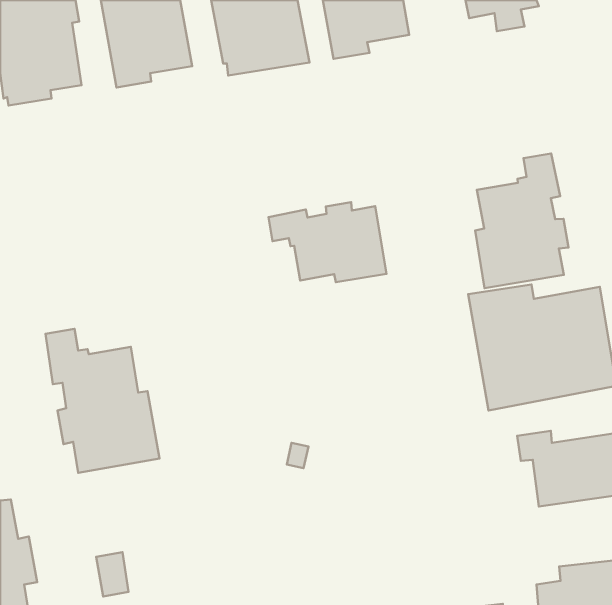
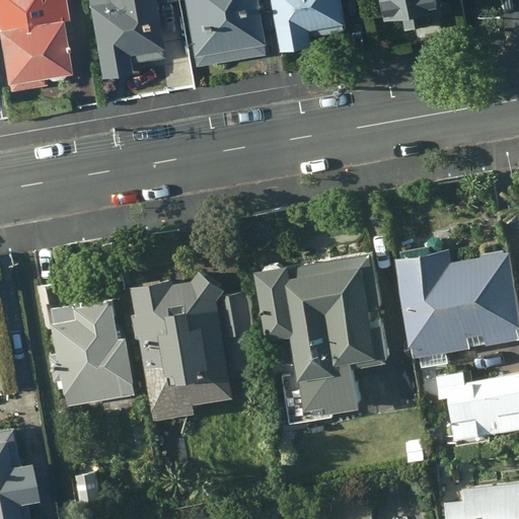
building: [475,153,568,288] -> none
building: [268,202,386,282] -> none
building: none -> [254,250,387,423]
building: none -> [132,269,254,409]

